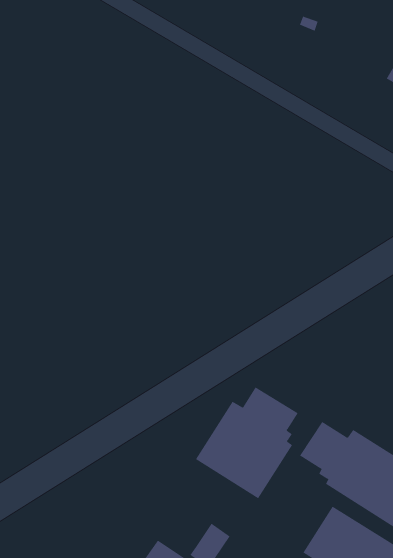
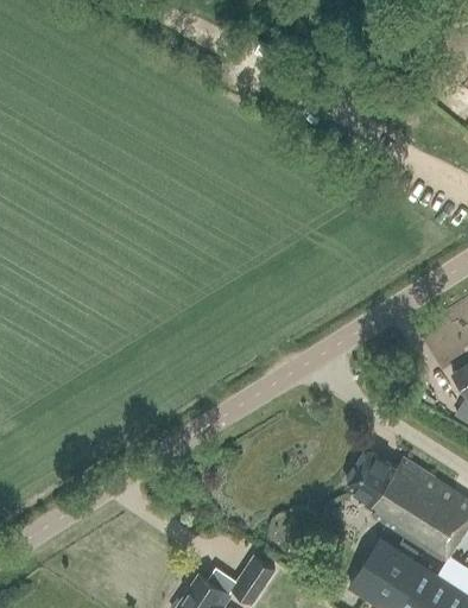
building: [195,387,298,499] -> none

